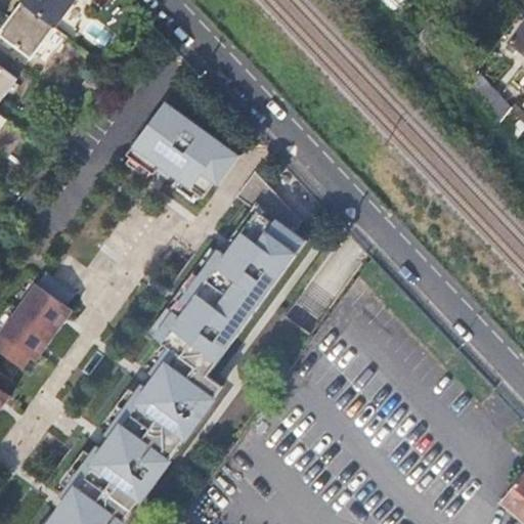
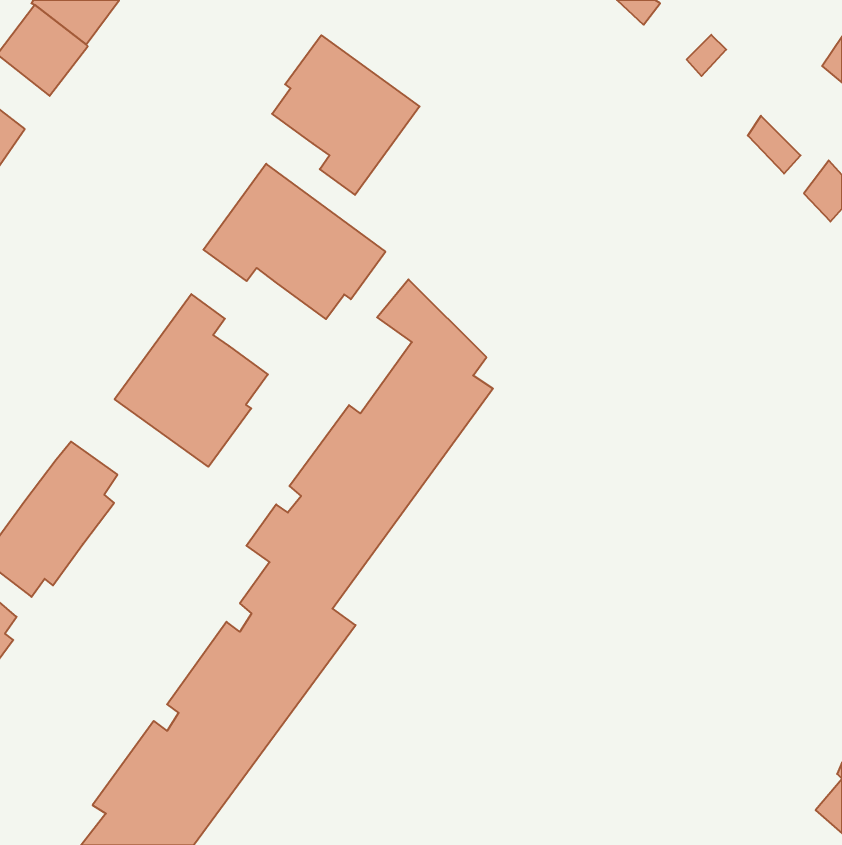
building: none -> [272,35,420,195]
building: none -> [115,294,268,467]

